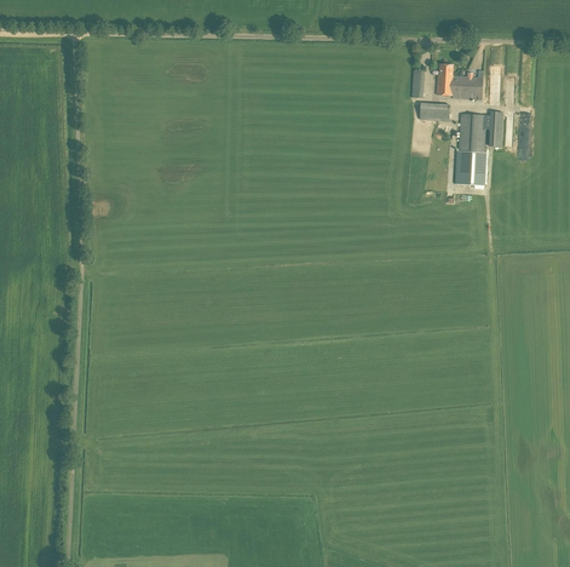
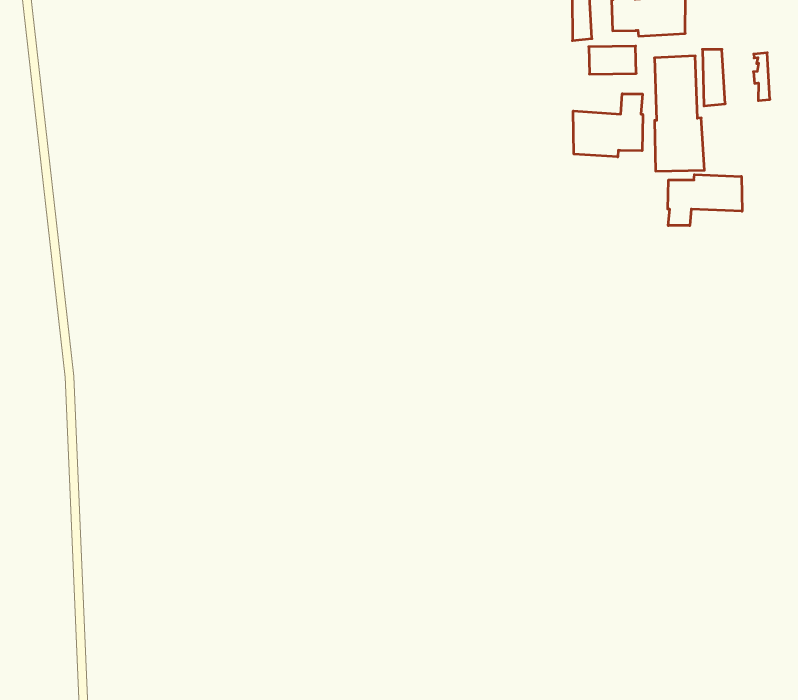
building: none -> [573,94,643,157]
building: none -> [668,175,742,226]

